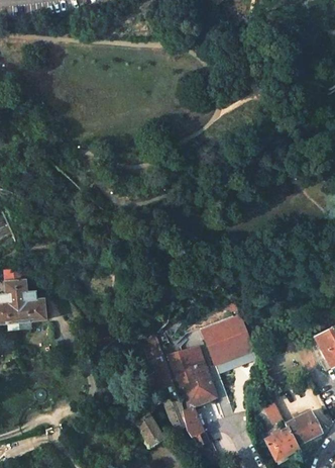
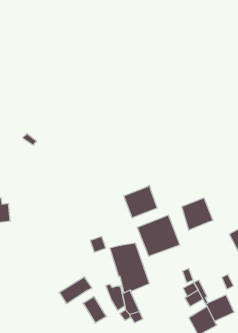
building: none -> [124,185,157,218]
building: none -> [182,198,213,230]
building: none -> [59,277,92,304]

